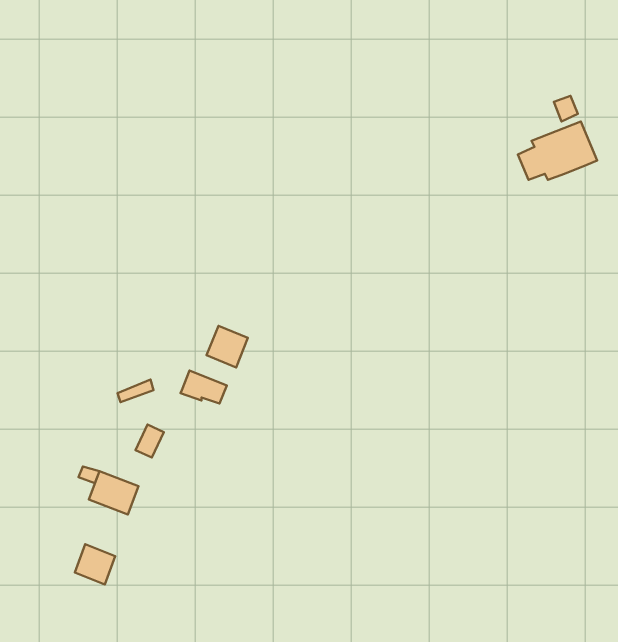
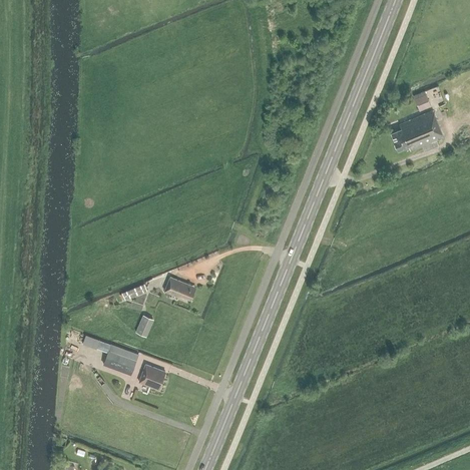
building: [207,326,248,367] -> none
building: [75,544,115,585] -> [137,364,164,391]

